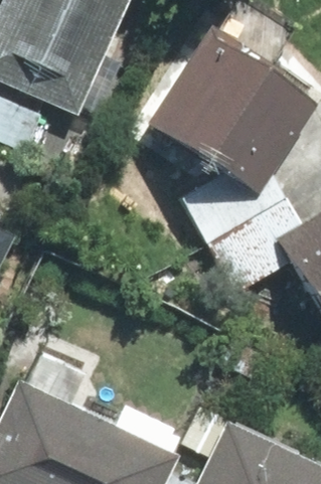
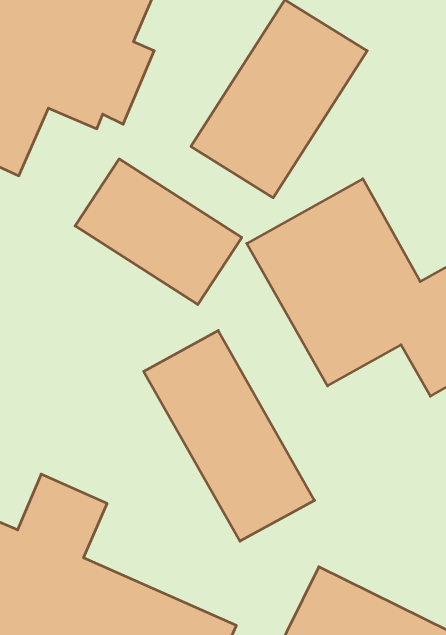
building: none -> [75,159,242,305]
building: none -> [144,330,315,541]

